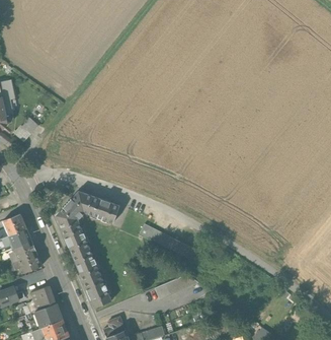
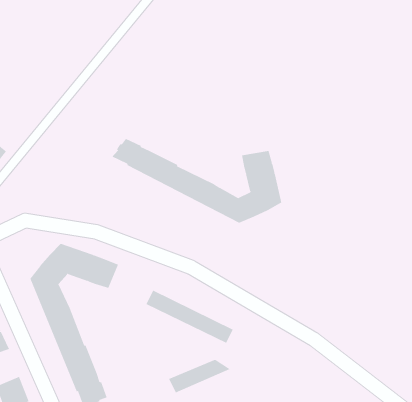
building: none -> [111,138,282,224]

